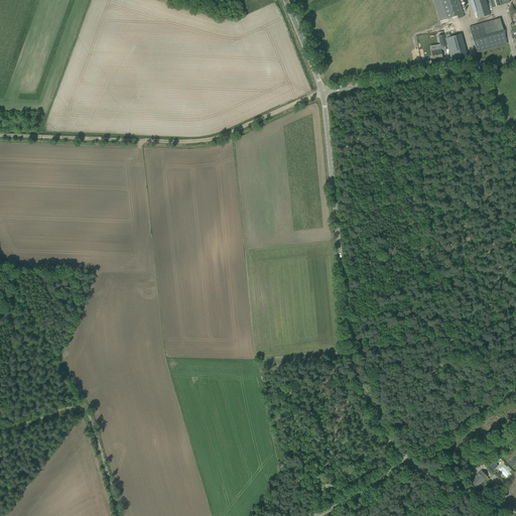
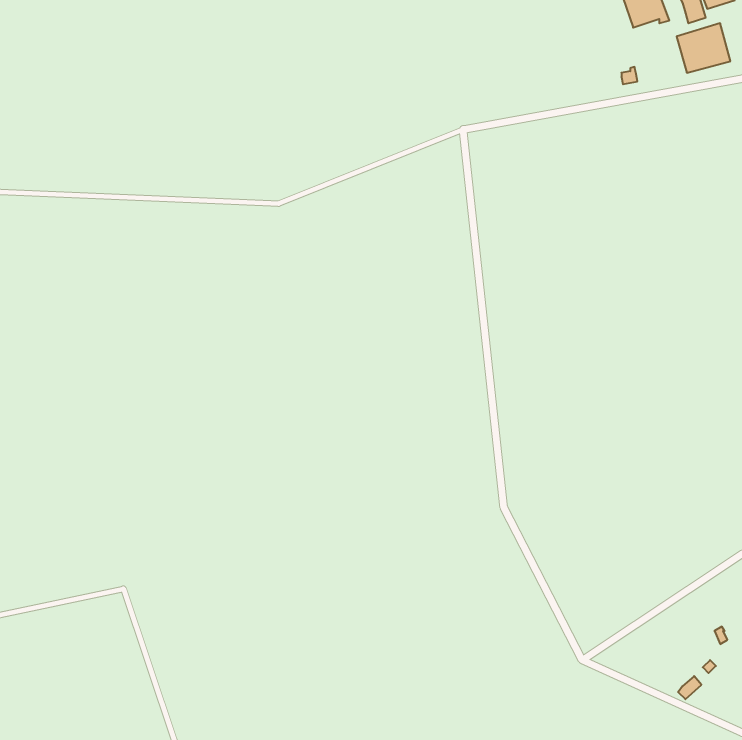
building: [445,31,467,57] -> none

